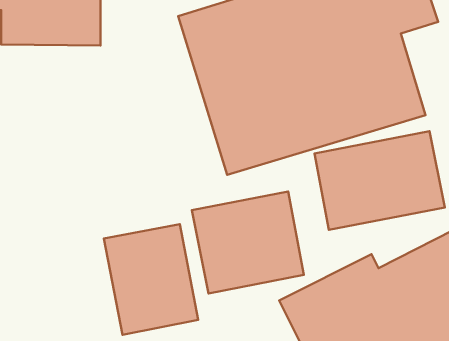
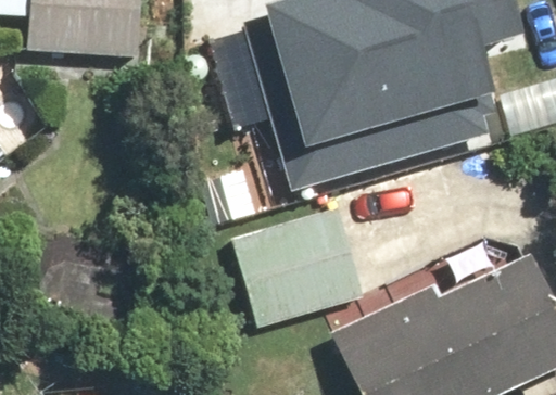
building: [314,131,445,230] -> none
building: [104,224,198,335] -> none

